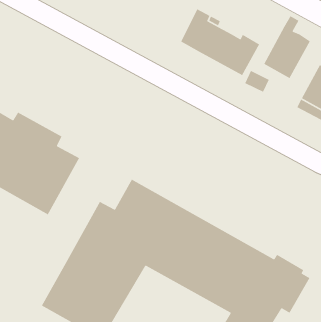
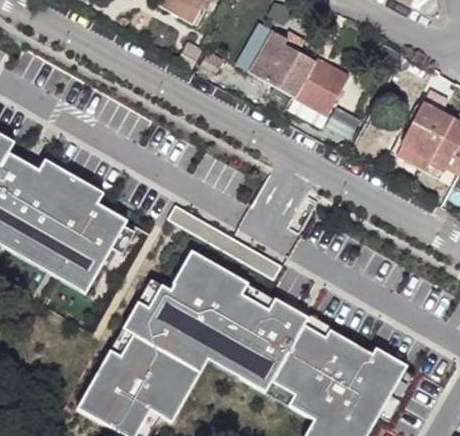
building: [263,15,311,79] -> none

